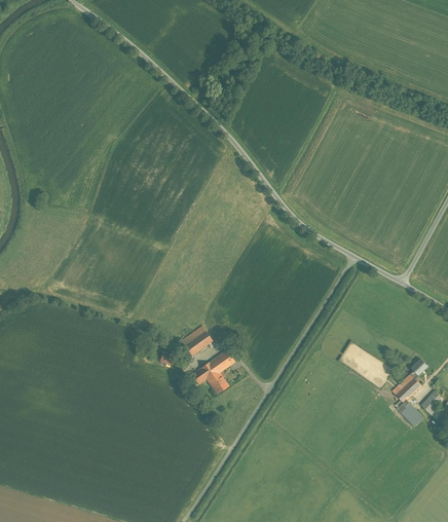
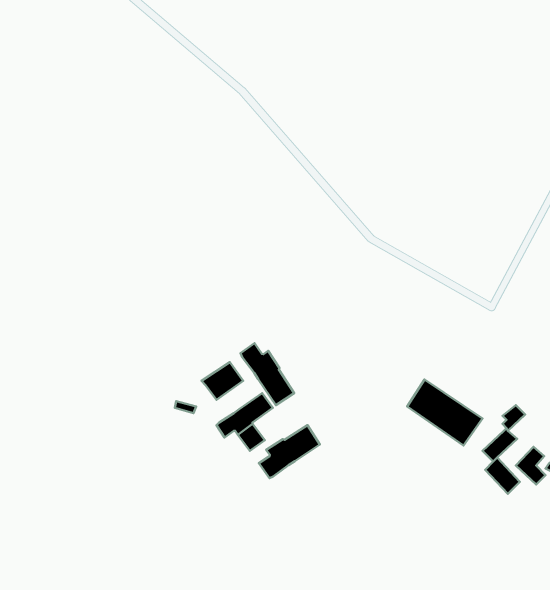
building: none -> [240,343,294,405]
building: none -> [259,425,320,478]

